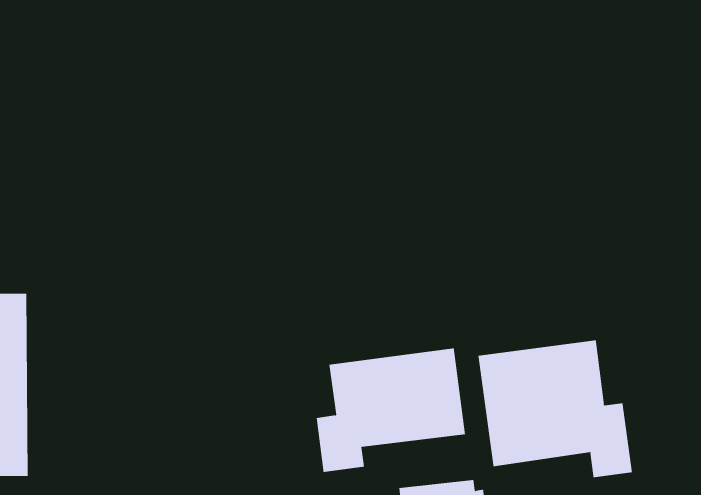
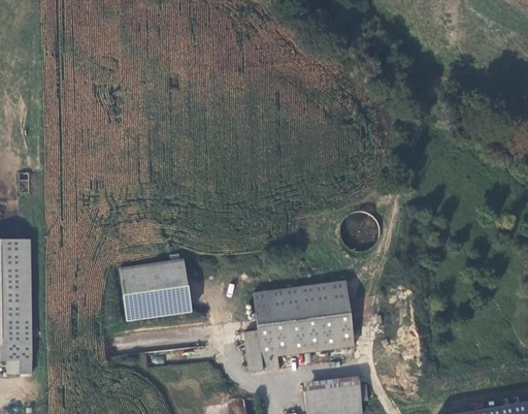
building: none -> [119,259,191,321]
building: [478,339,633,478] -> none

